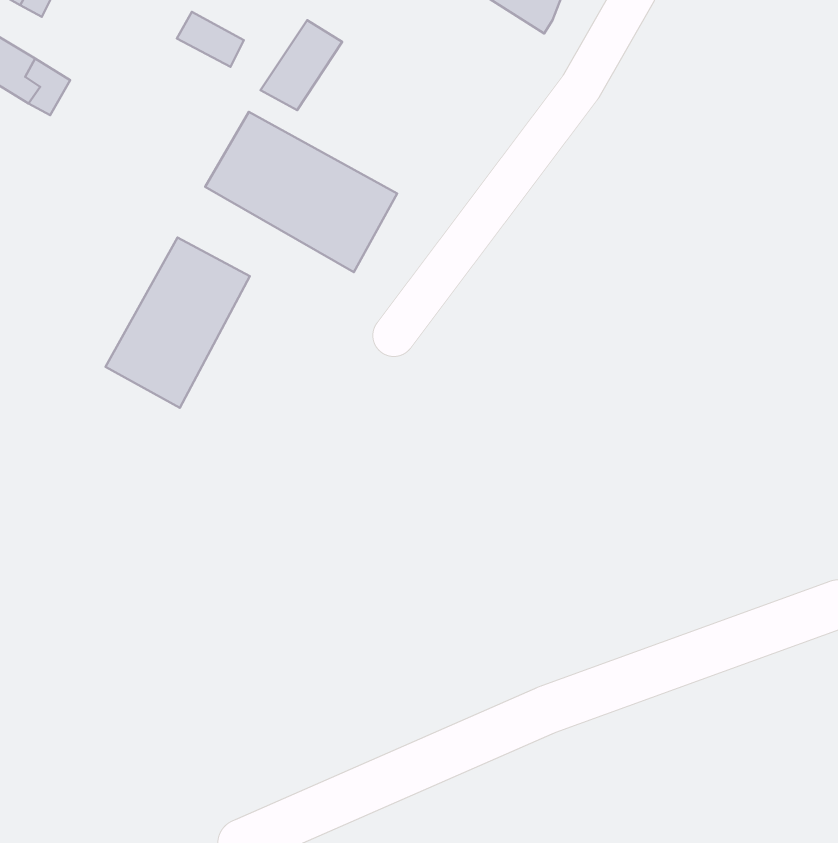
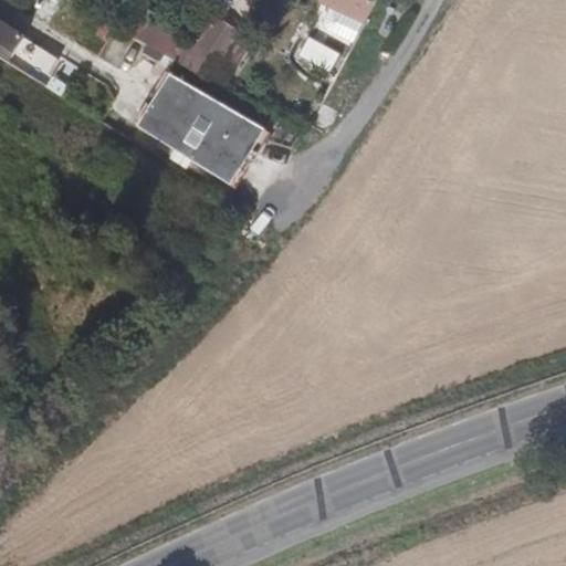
building: [106,238,250,408] -> none

